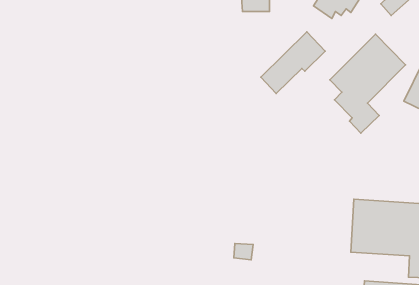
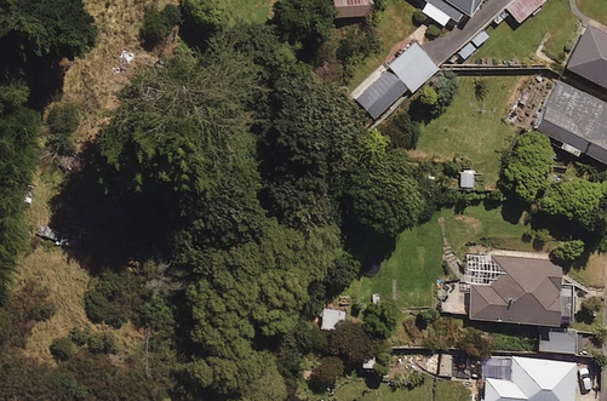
building: [330,34,405,133] -> none

